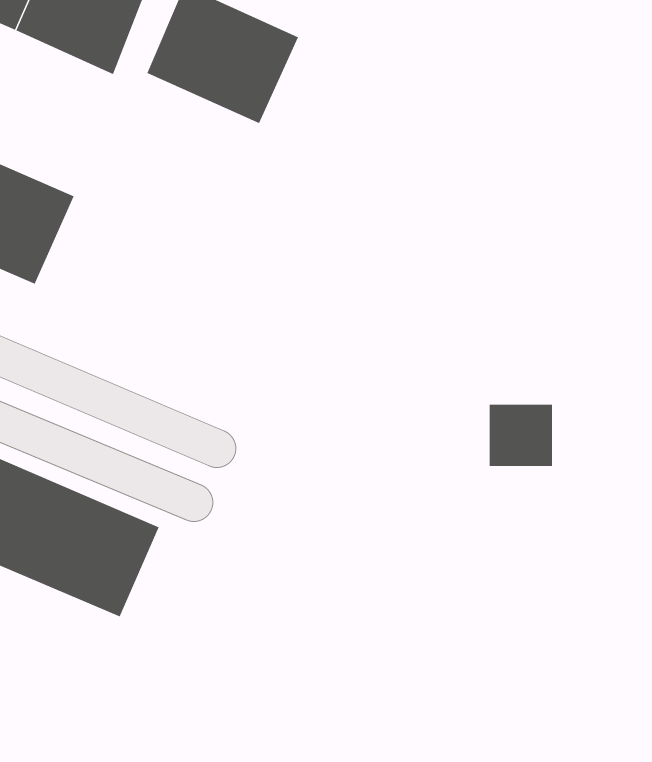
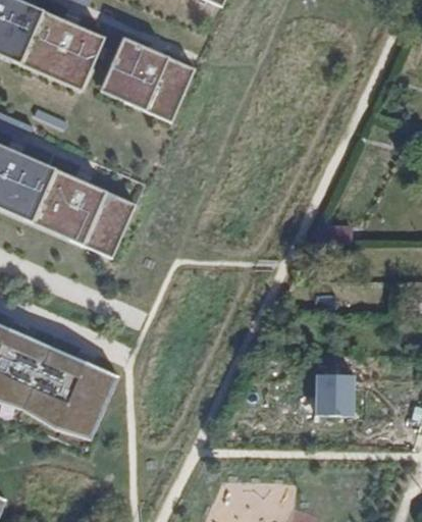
building: none -> [34,167,131,255]
building: [489,404,553,467] -> [315,376,355,415]

